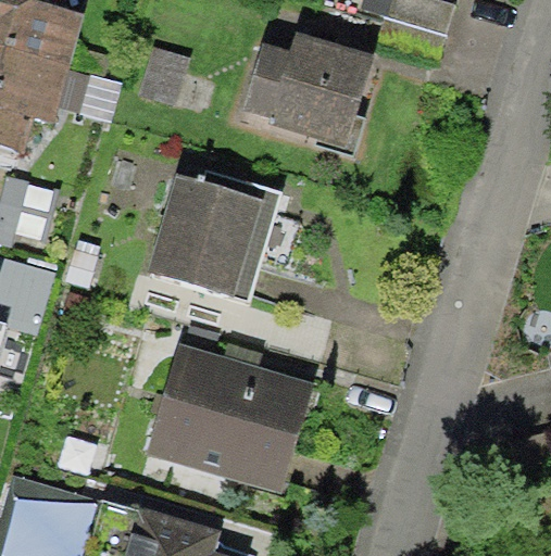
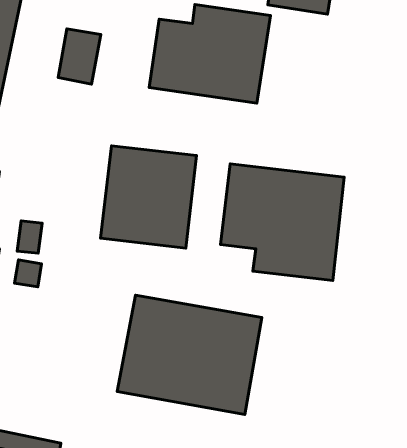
building: none -> [221,164,344,281]

